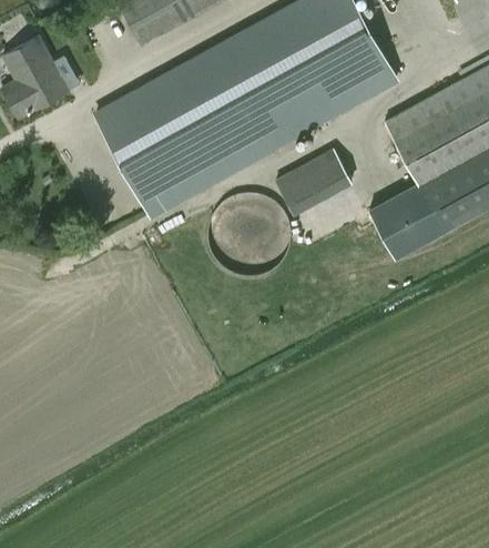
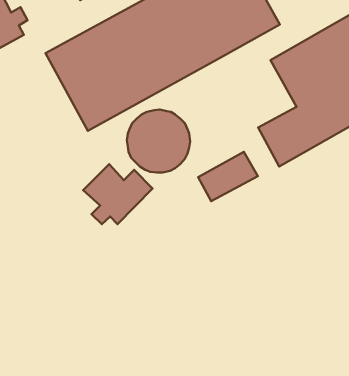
building: [275,151,352,214] -> [198,152,258,201]
building: none -> [83,164,152,224]

